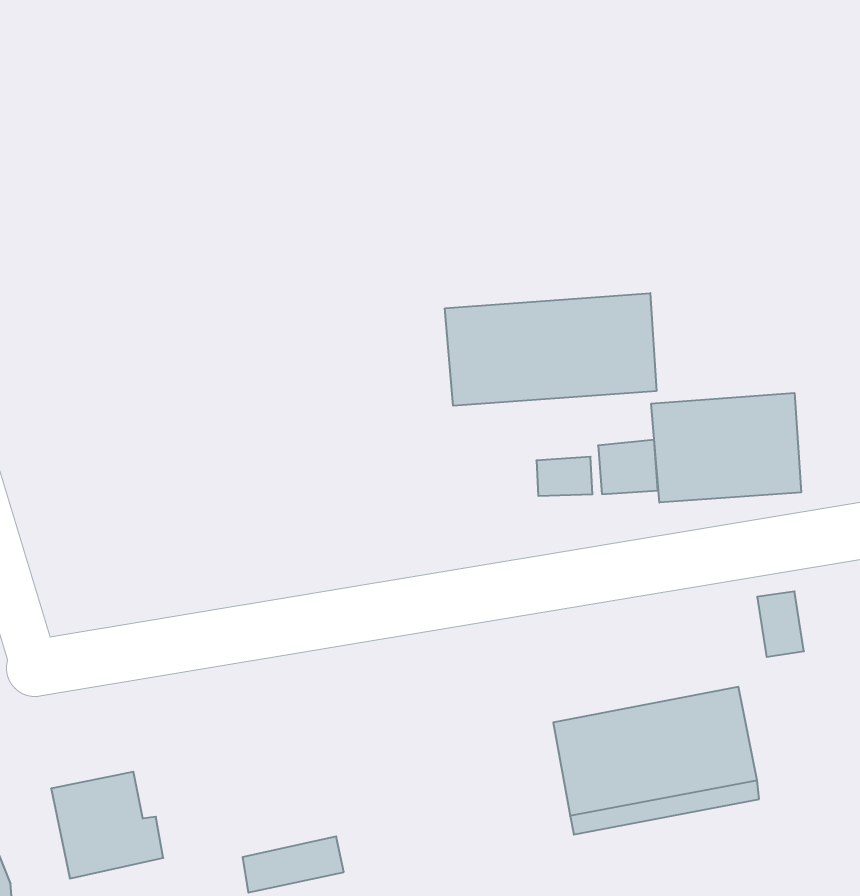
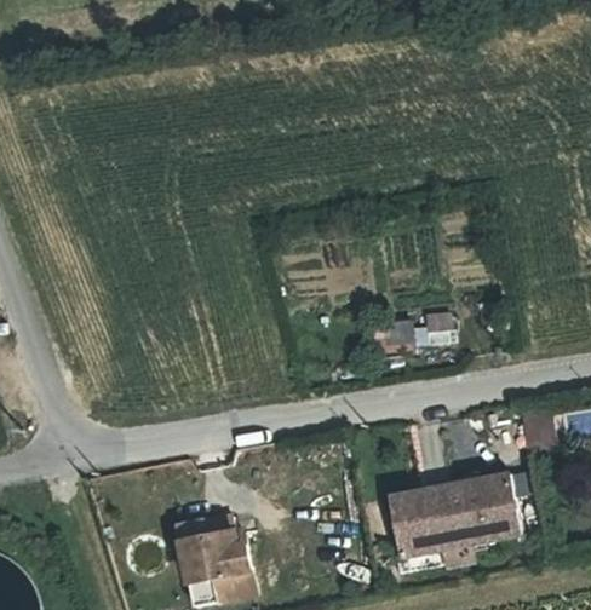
building: [445,293,656,406] -> none
building: [651,393,801,503] -> none
building: [51,772,163,878] -> [173,512,246,581]

